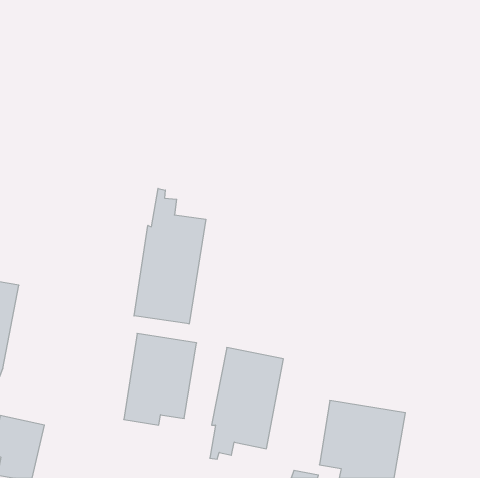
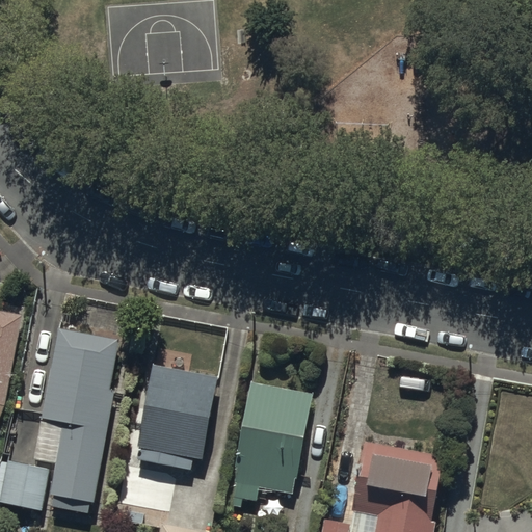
building: [134,188,206,324] -> none
building: none -> [33,327,116,512]

